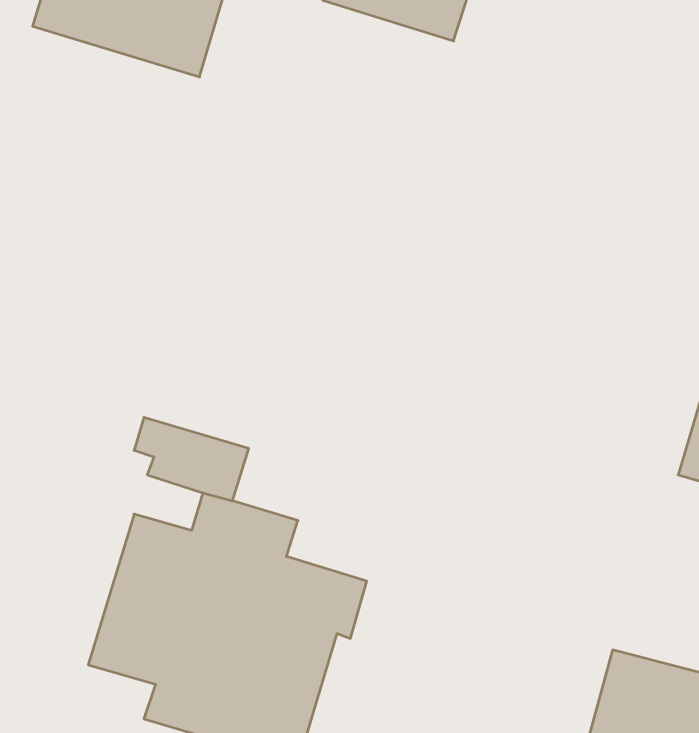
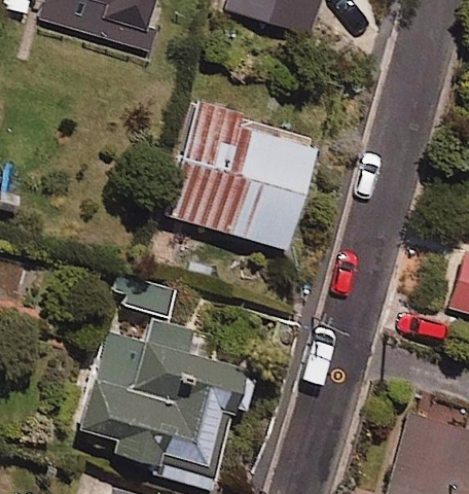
building: none -> [167,102,319,249]

